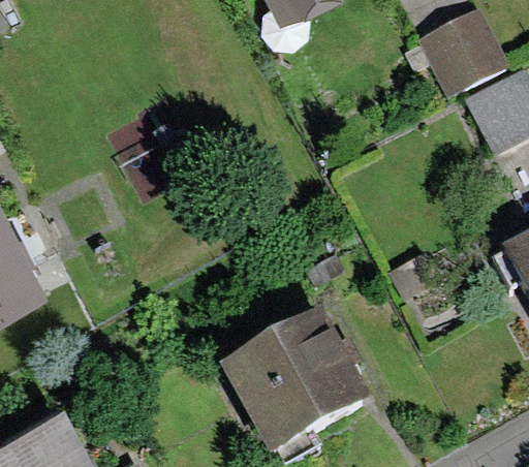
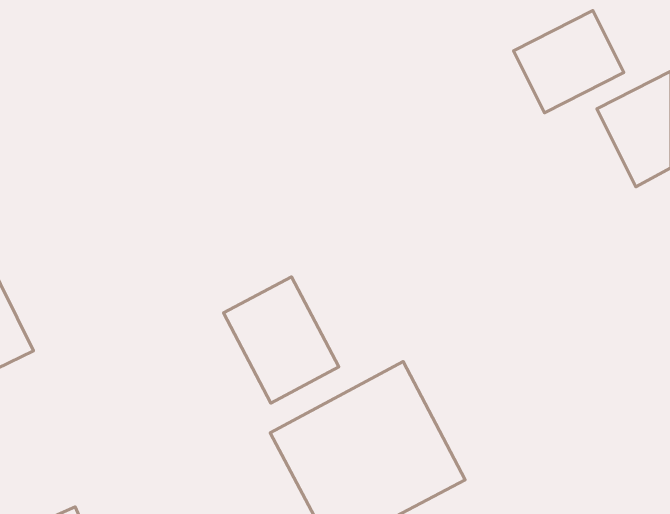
building: none -> [224,277,339,403]

